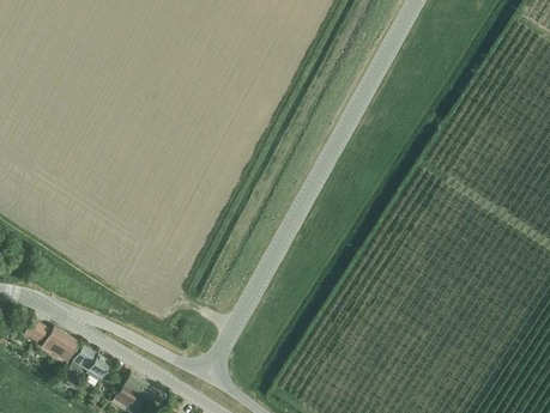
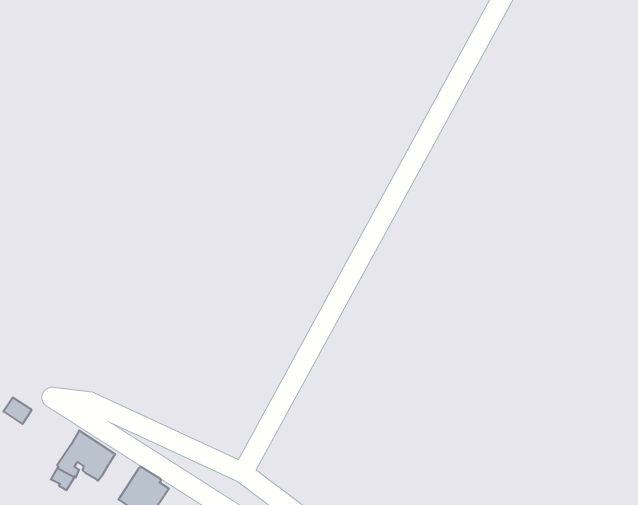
building: [42,328,79,364] -> none

